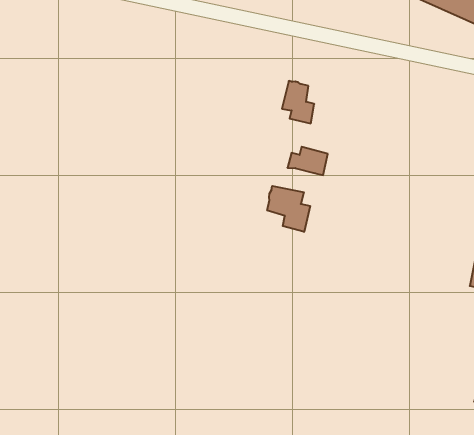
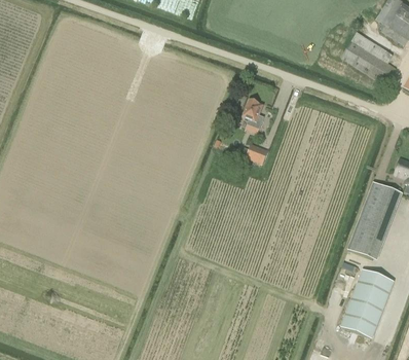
building: [267,186,310,232] -> none

